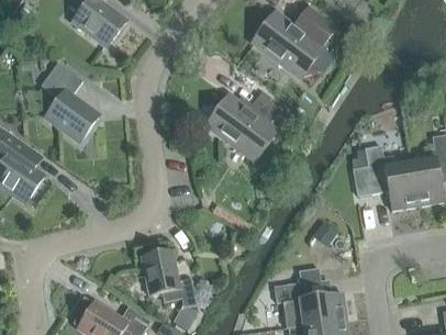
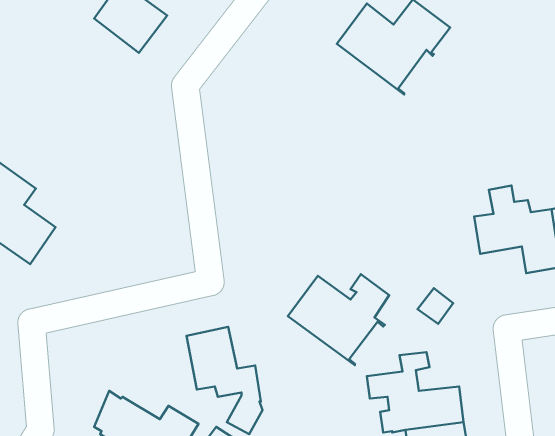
building: [42,63,100,142] -> none
building: [207,93,281,160] -> [288,274,389,365]

